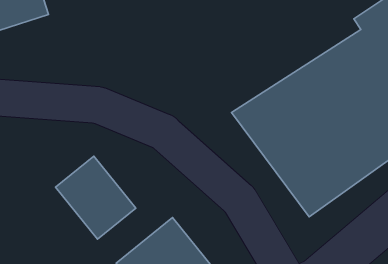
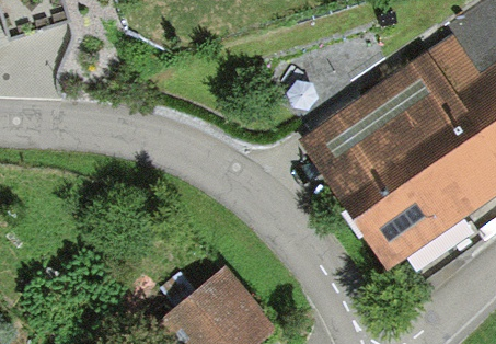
building: [55,156,136,239] -> none

